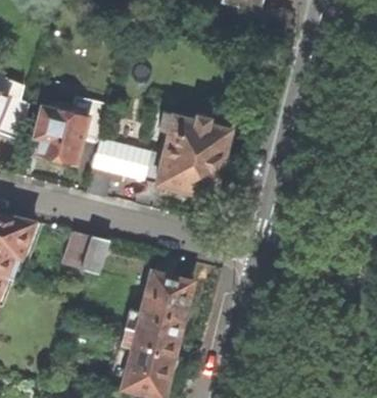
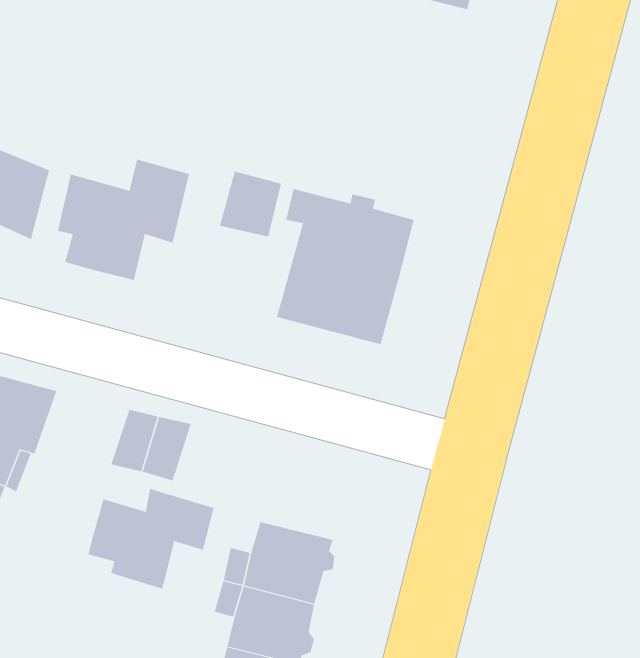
building: [104,139,139,176] -> [219,171,282,237]
building: [145,272,191,306] -> none
building: none -> [88,488,214,590]

